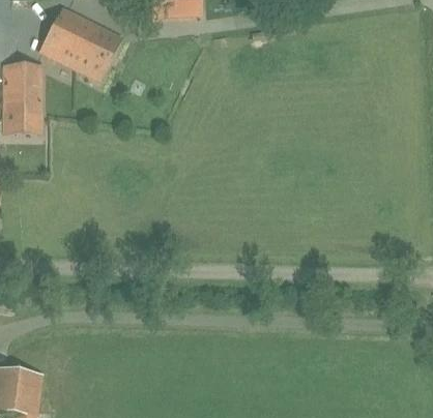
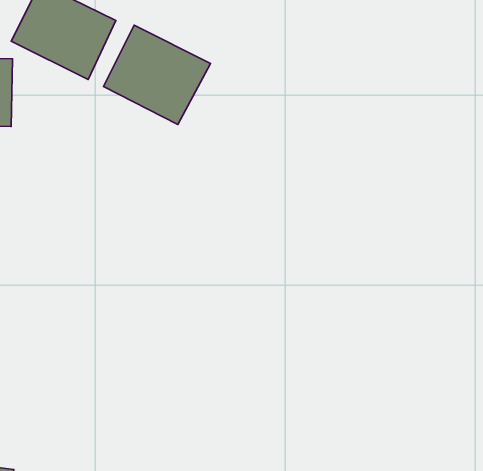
building: none -> [103,25,210,124]

